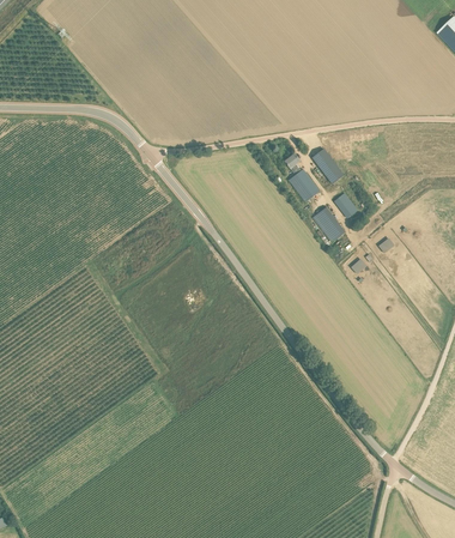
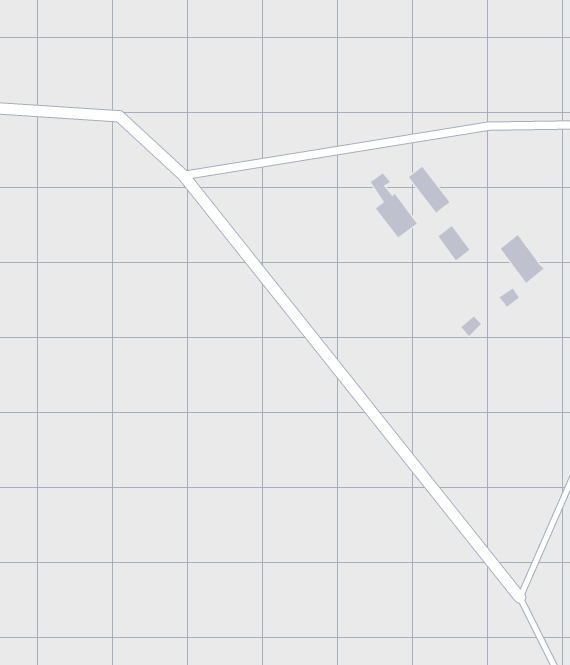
building: [314,206,346,242] -> [500,234,544,283]

